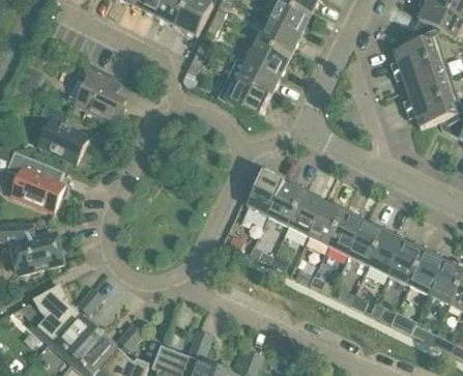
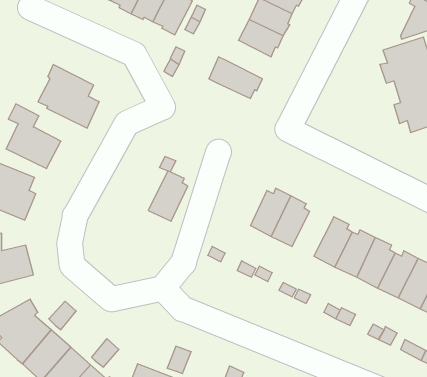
building: [247,41,288,78] -> none
building: [227,82,268,119] -> none
building: [247,169,284,216] -> [148,171,188,221]
building: [308,201,347,245] -> none

